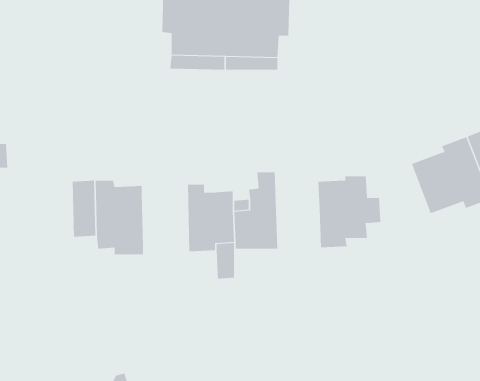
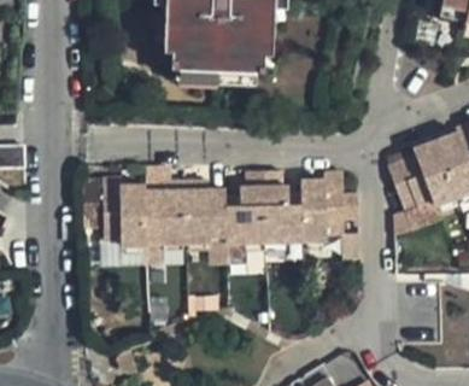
building: none -> [263,174,303,242]
building: none -> [145,185,186,246]

